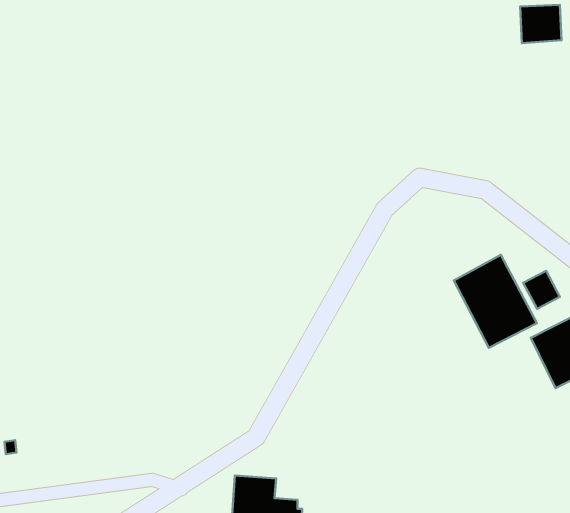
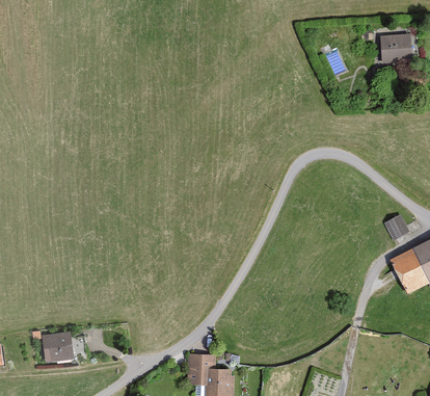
building: [454,255,537,348] -> none
building: none -> [43,333,72,361]

